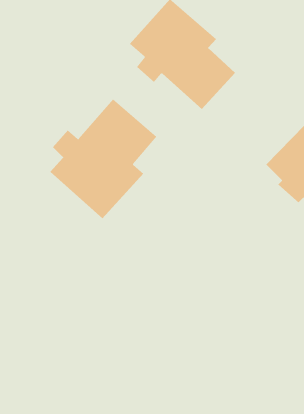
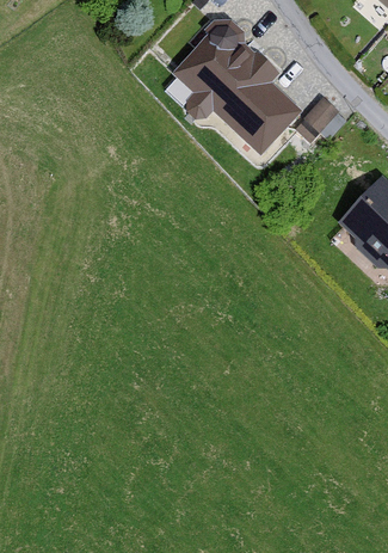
building: [49,99,157,219] -> none

